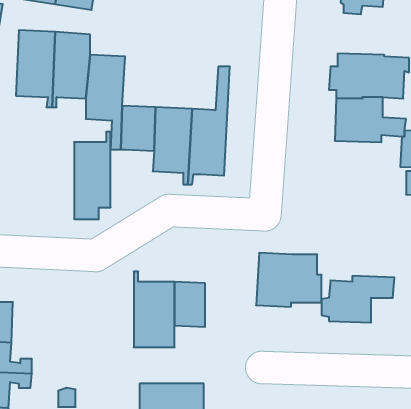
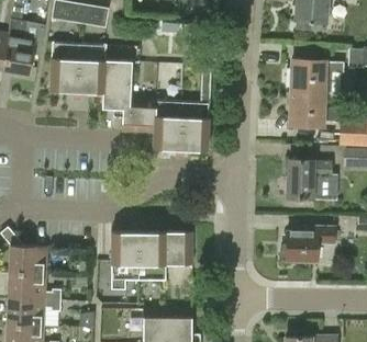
building: [74,132,111,219] -> [111,224,138,289]
building: [256,253,322,307] -> [287,159,336,200]

